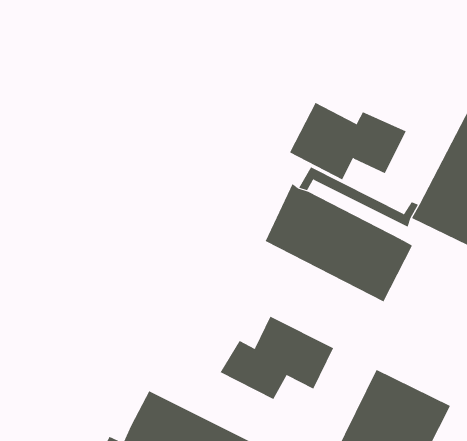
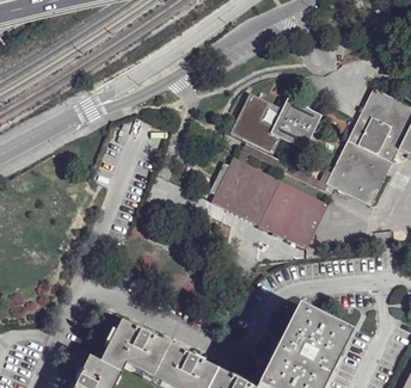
building: [220,316,334,400] -> none

